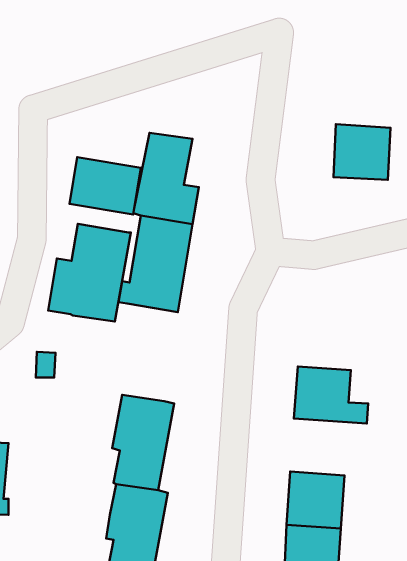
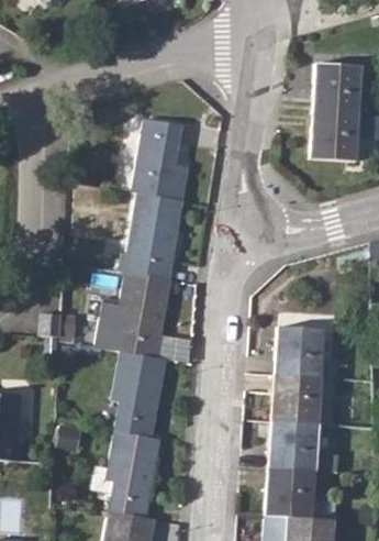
building: none -> [311,63,363,114]
building: [69,157,141,214] -> none
building: [48,224,131,322] -> [99,270,172,357]
building: none -> [270,373,338,424]

